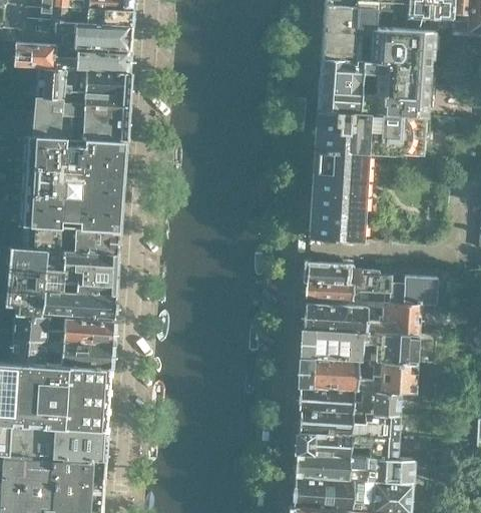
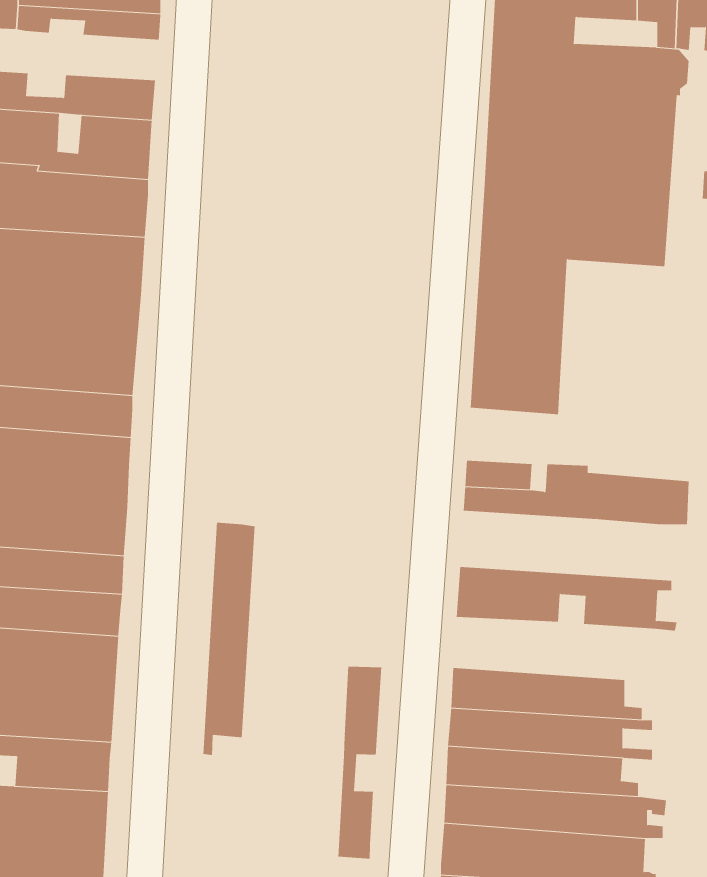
building: [56,19,133,47] -> none
building: [306,300,433,335] -> none
building: none -> [203,522,255,756]
building: [302,356,419,393] -> none
building: none -> [338,666,382,860]

